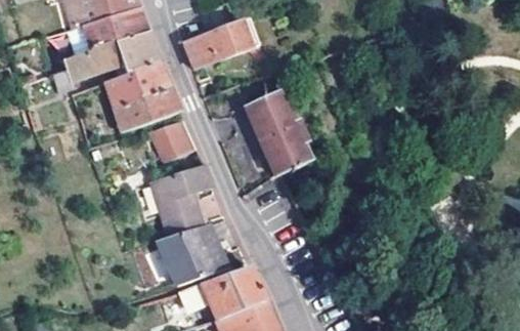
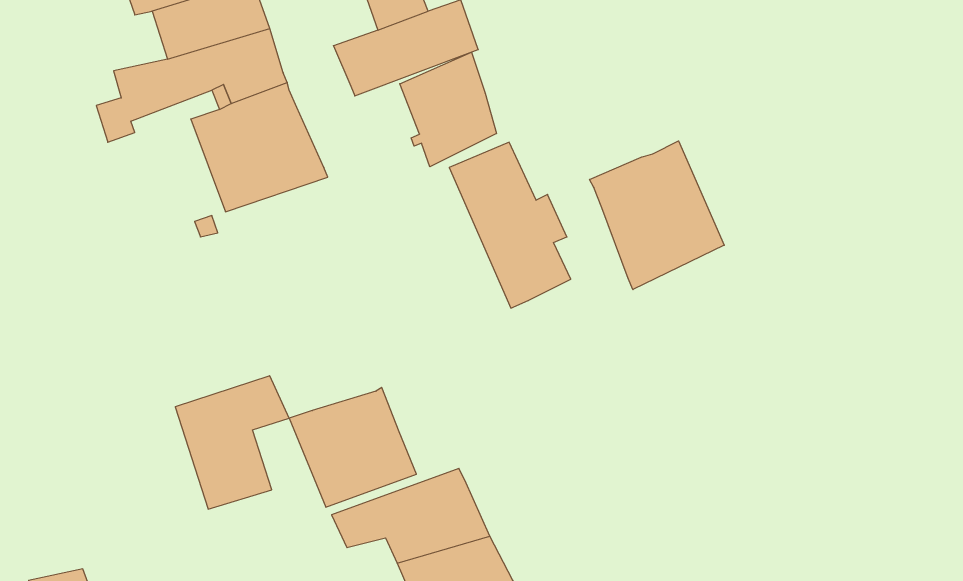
building: none -> [400,52,496,167]
building: none -> [590,141,724,290]
building: [154,120,196,162] -> none
building: [153,164,213,235] -> [175,376,289,509]

